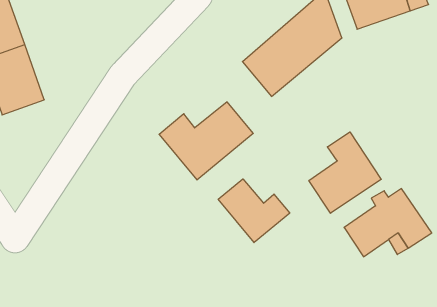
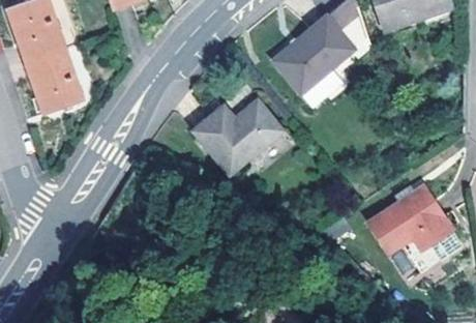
building: [309,132,381,213] -> none
building: [218,179,290,243] -> none

